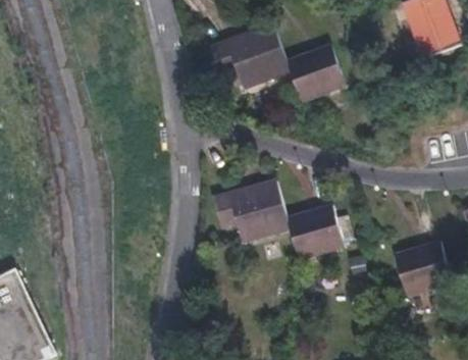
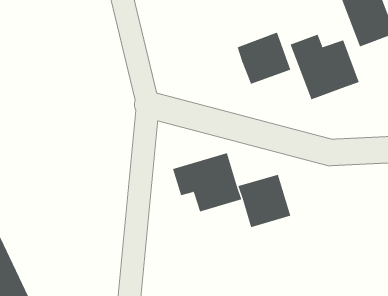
building: [206,17,289,91] -> none
building: none -> [290,34,360,100]
building: [394,241,449,294] -> none

